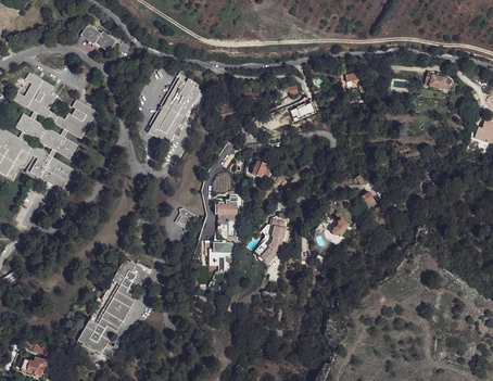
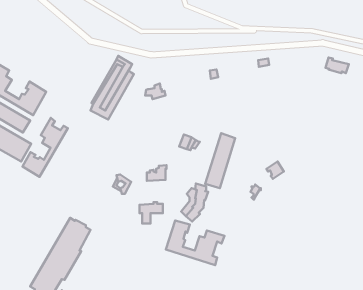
building: [79,24,115,51] -> none
building: none -> [23,118,68,177]
building: none -> [205,133,235,188]
building: none -> [166,220,225,265]

